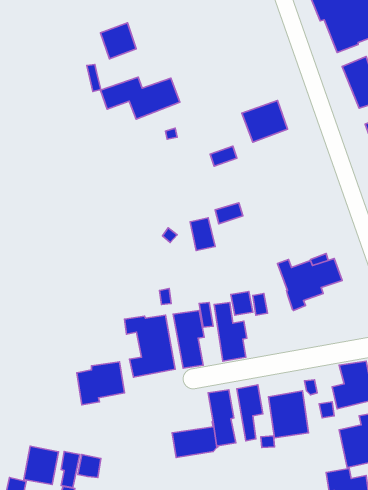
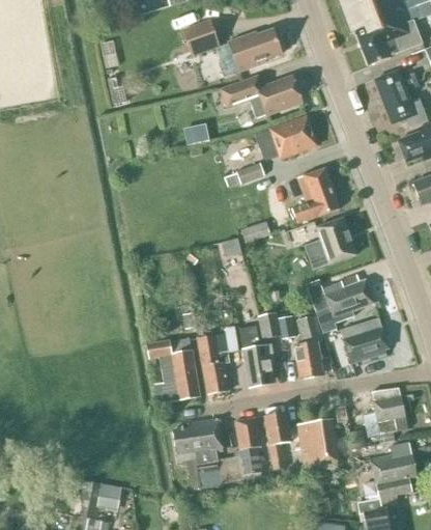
building: none -> [228,28,282,71]
building: [101,23,136,59] -> [182,19,220,56]
building: [100,77,180,119] -> [219,75,301,118]
building: none -> [294,167,340,222]
building: none -> [306,217,356,262]
building: none -> [294,316,323,378]
building: none -> [341,316,390,362]
building: [77,362,124,405] -> [173,417,223,462]
building: [24,446,58,484] -> none

